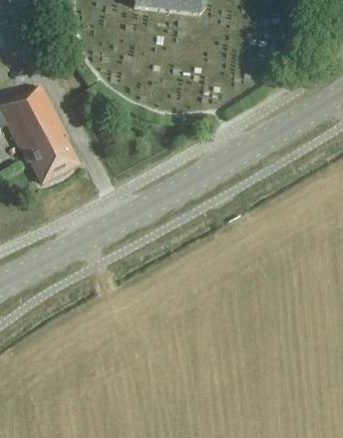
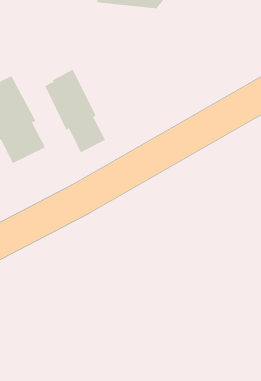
building: none -> [45,69,106,153]

